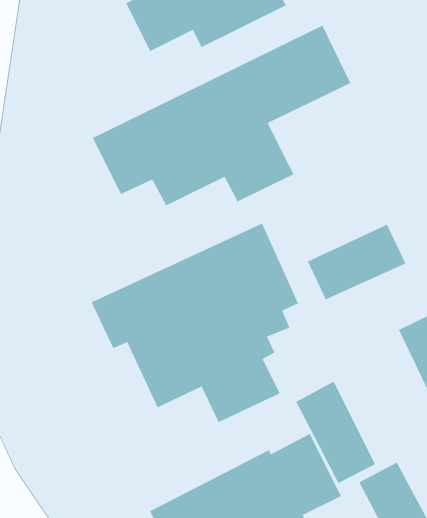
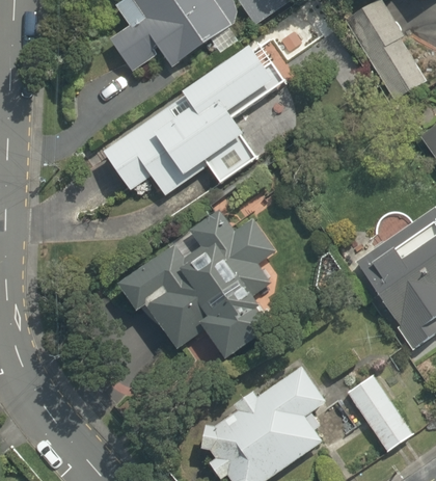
building: [307,224,406,300] -> none
building: [295,381,376,484] -> none

